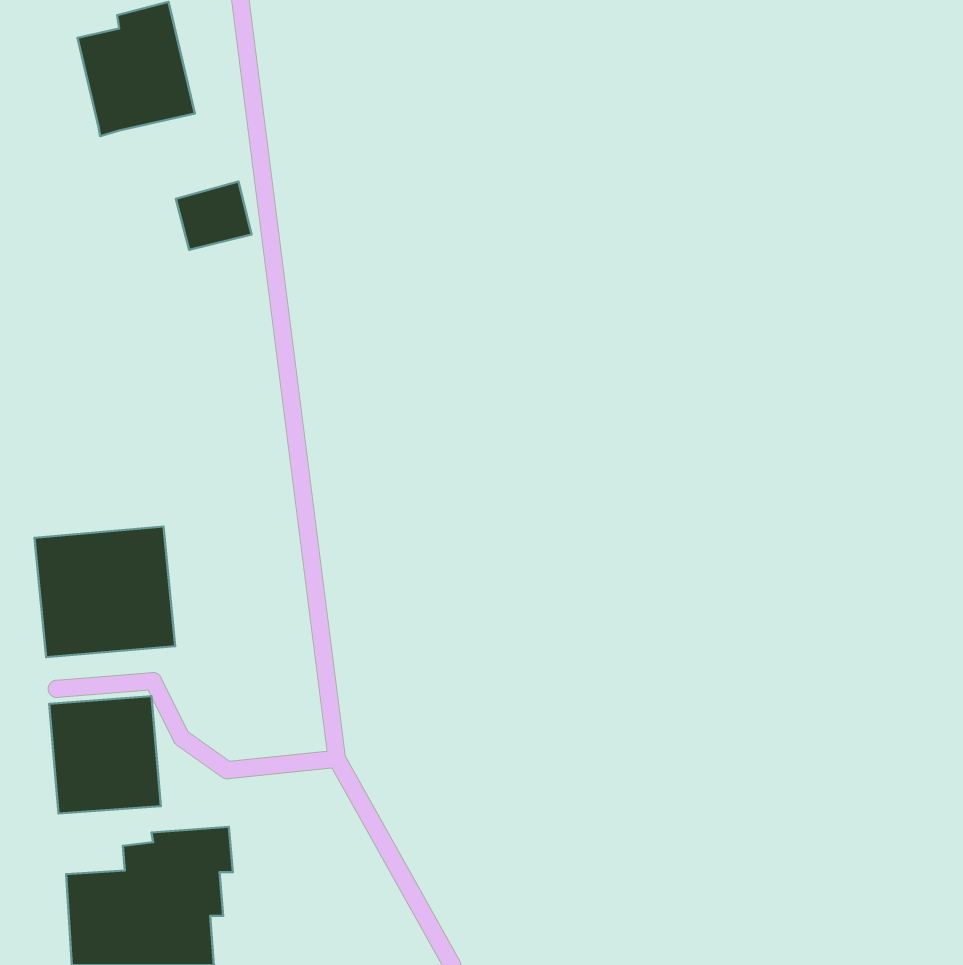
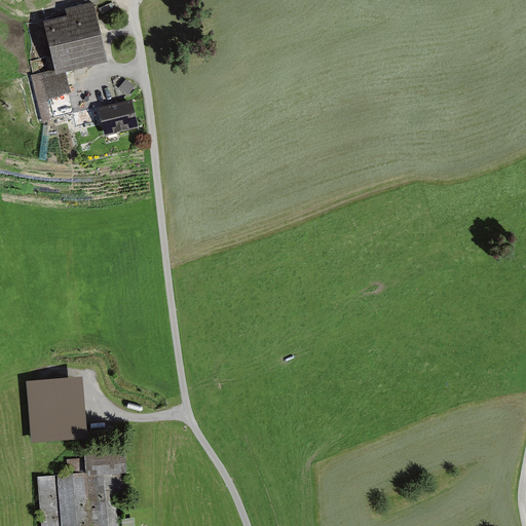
building: none -> [30,69,69,121]
building: [34,527,175,657] -> none

